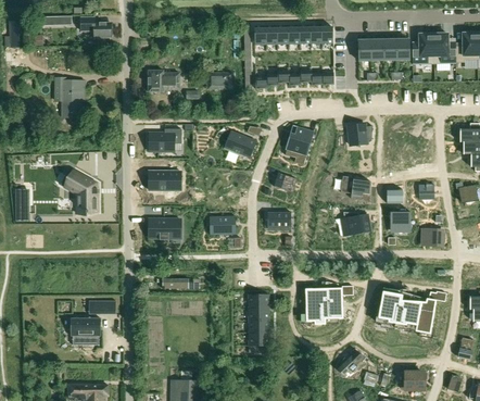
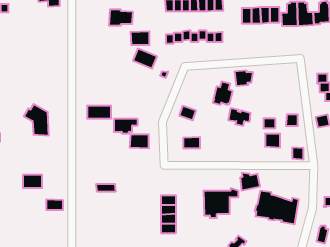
building: [148,71,180,92] -> [109,10,133,26]
building: [56,79,86,118] -> none
building: [285,126,312,158] -> [213,82,233,105]
building: [148,129,181,151] -> none
building: [225,130,257,158] -> [133,49,157,69]
building: [340,210,367,234] -> [240,173,260,191]
building: [149,221,181,240] -> [114,119,138,133]
building: [73,318,99,336] -> [23,175,42,188]

